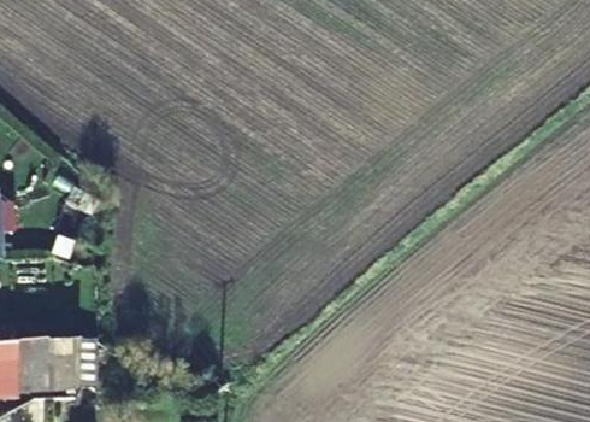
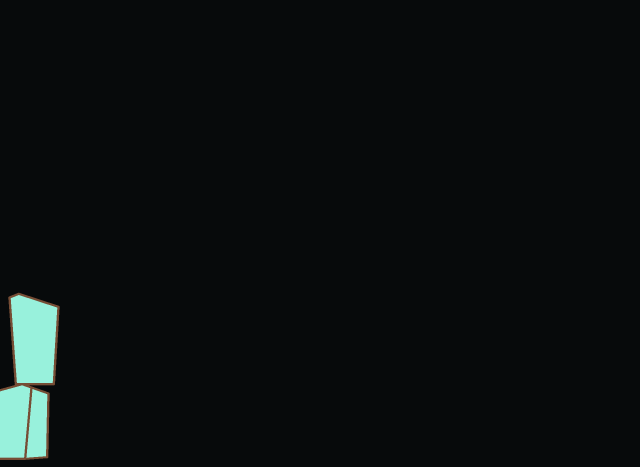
building: none -> [10,294,58,384]

